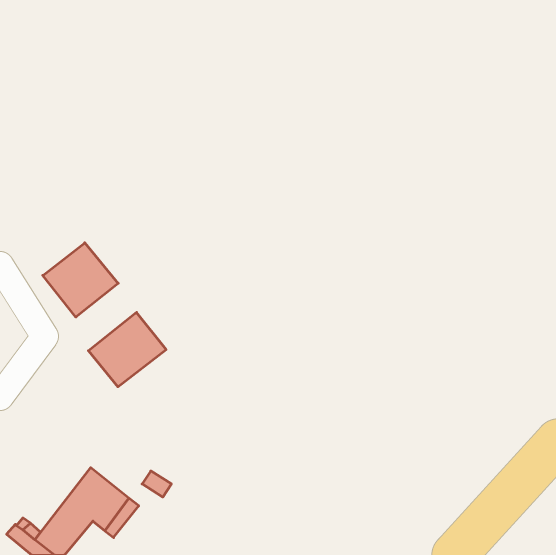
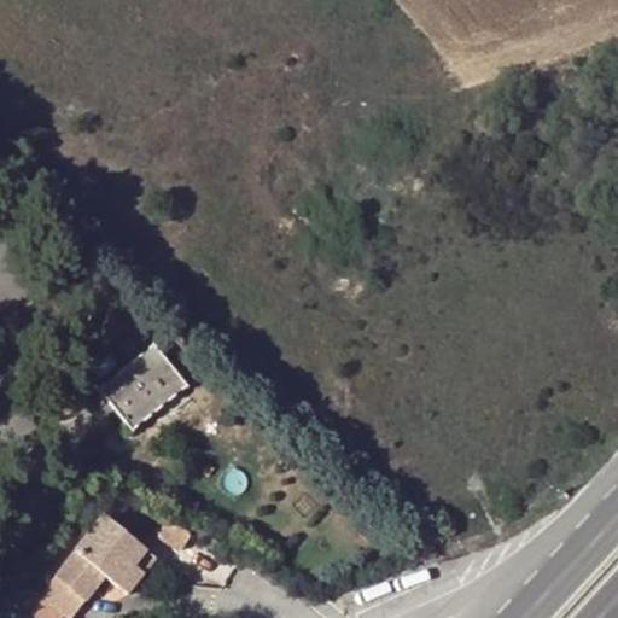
building: [43,243,118,317] -> none

